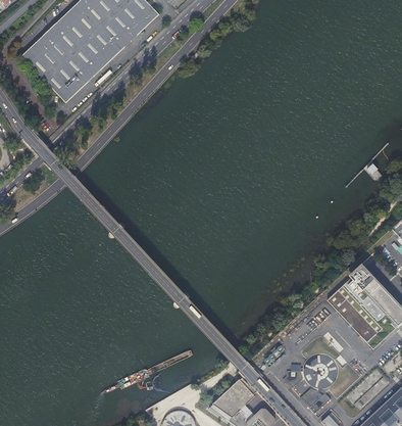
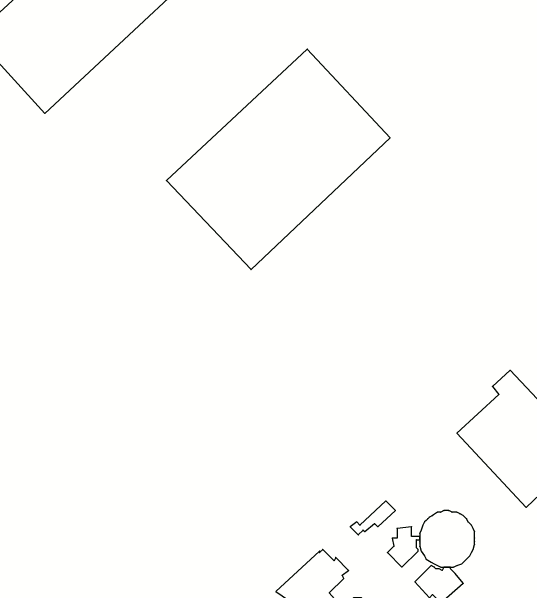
building: none -> [166,49,390,270]

